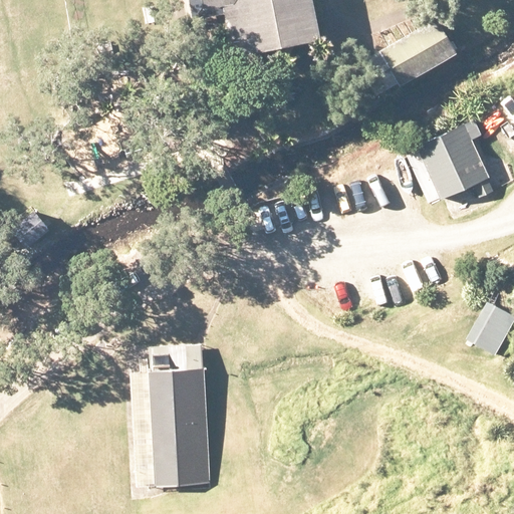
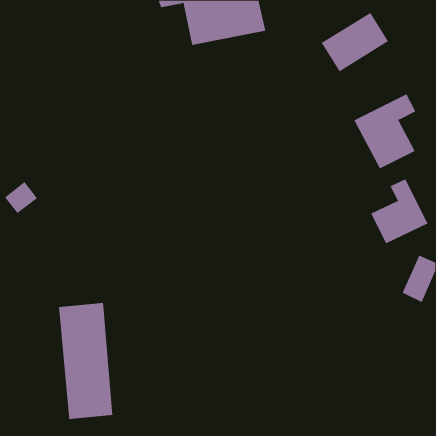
building: none -> [371,178,428,244]
building: [148,350,212,487] -> [58,303,113,419]

